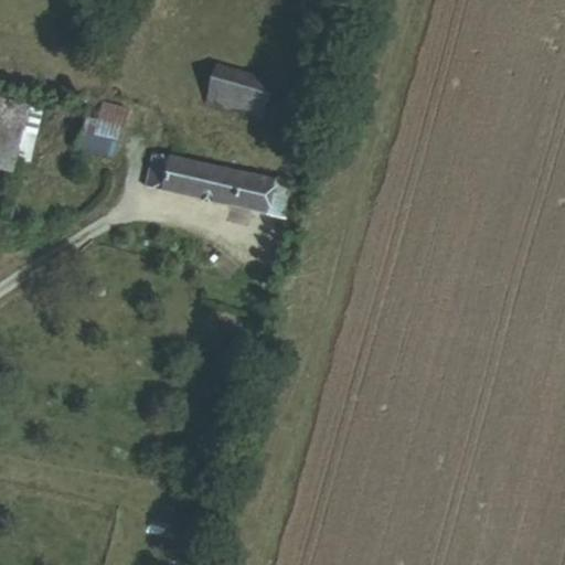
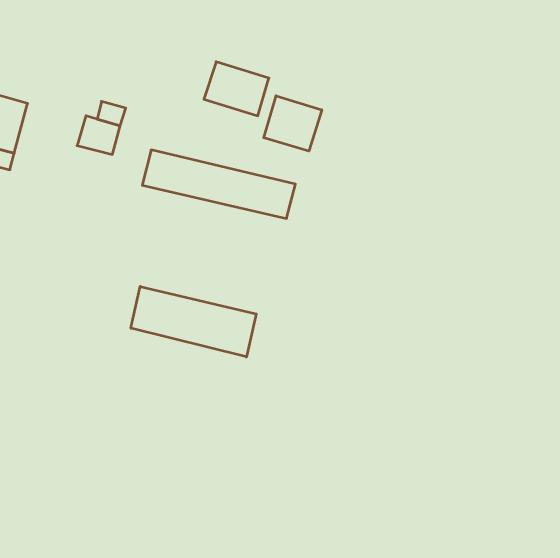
building: none -> [264,96,322,151]
building: none -> [131,286,256,357]

